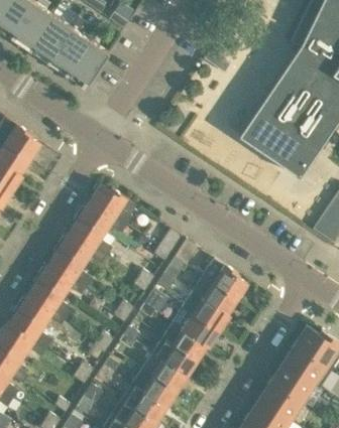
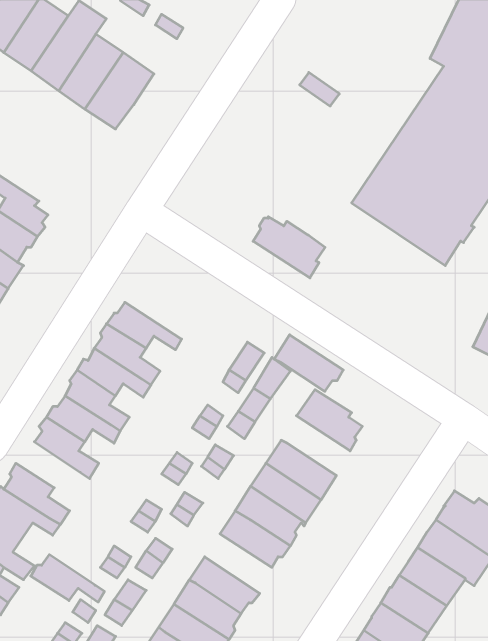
building: [89,186,136,227] -> [253,217,325,278]
building: [192,277,237,314] -> [274,335,343,391]
building: [17,294,66,325] -> [31,555,104,602]
building: [141,354,186,394] -> none

